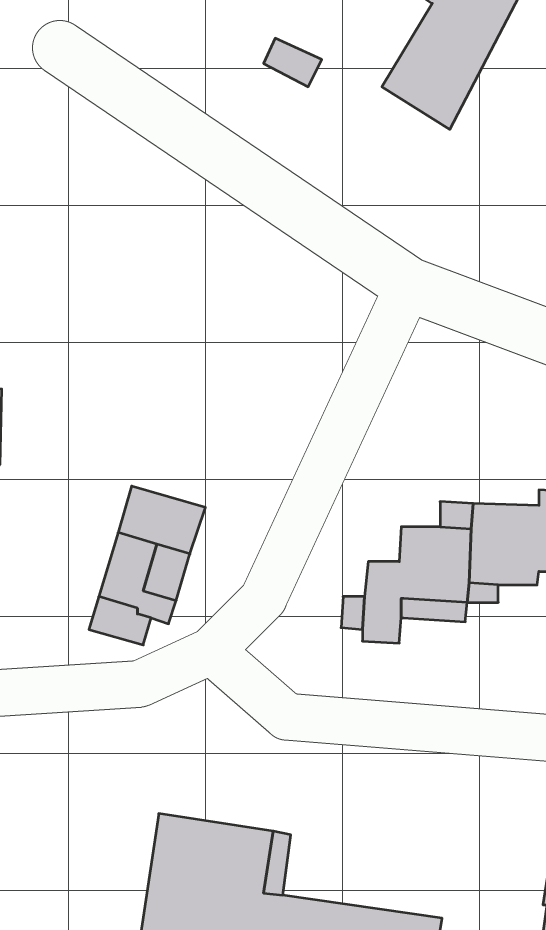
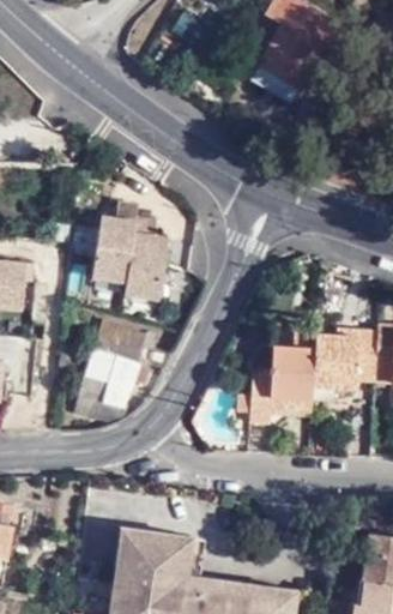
building: none -> [91,201,168,301]

